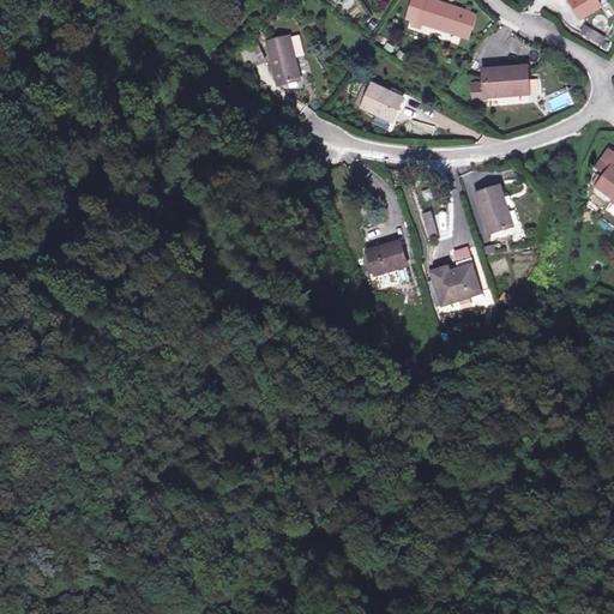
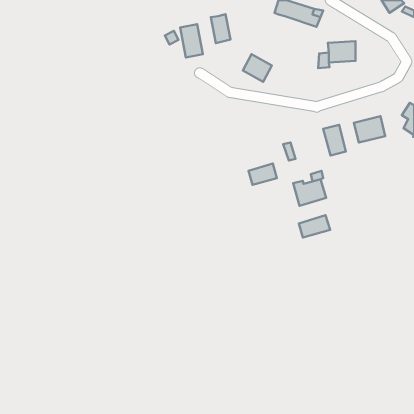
building: none -> [211,14,230,43]
building: none -> [354,116,385,143]
building: none -> [299,215,330,238]

